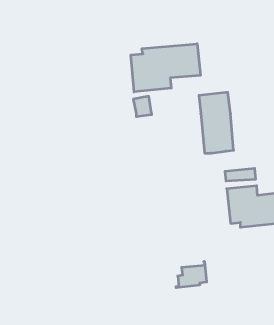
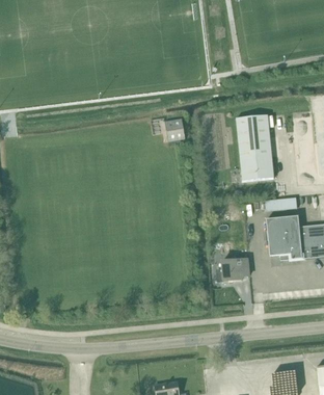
building: [131,44,200,92] -> none
building: [176,262,207,288] -> [215,255,248,283]

